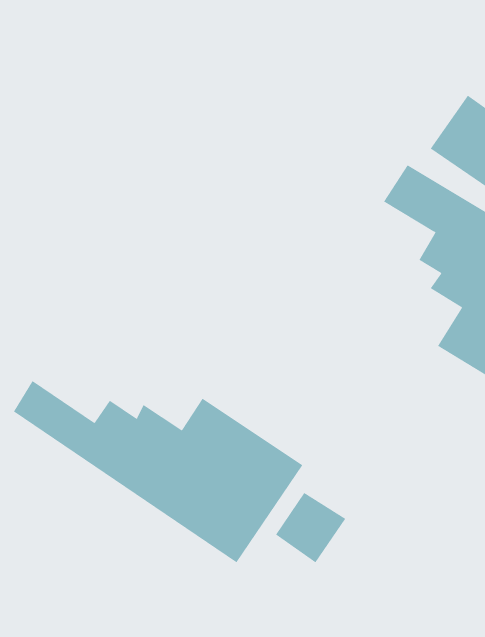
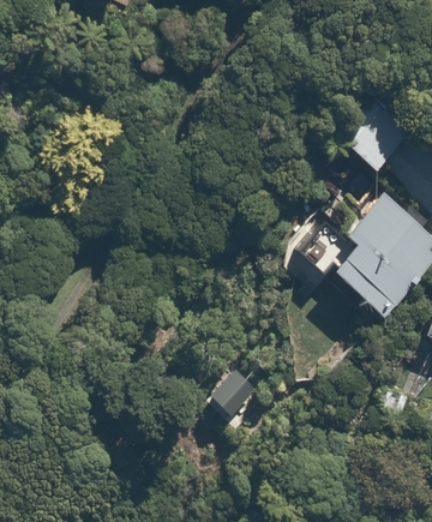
building: [13,380,303,563] -> none

